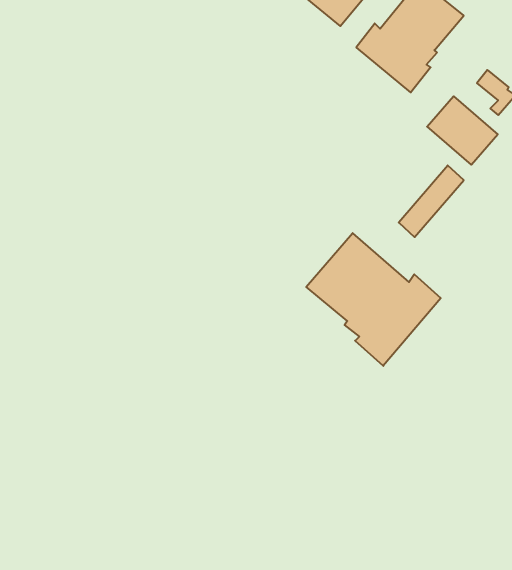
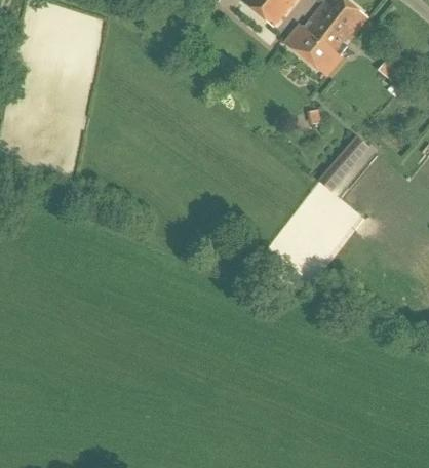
building: [427,96,498,165] -> none
building: [306,233,441,366] -> none

